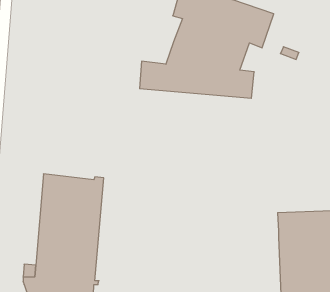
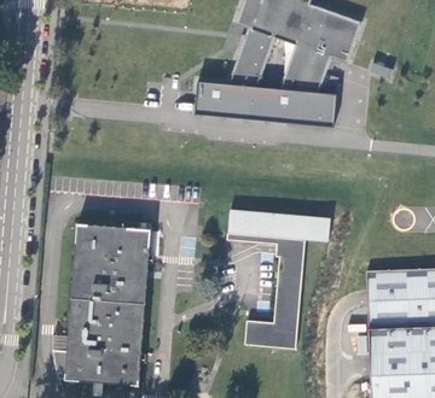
building: none -> [227,209,330,349]

